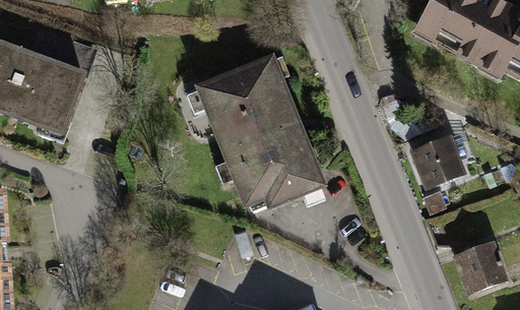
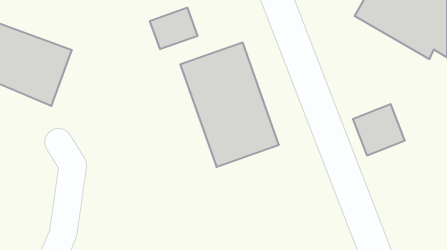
building: none -> [150,8,198,49]
building: [461,241,507,296] -> none

